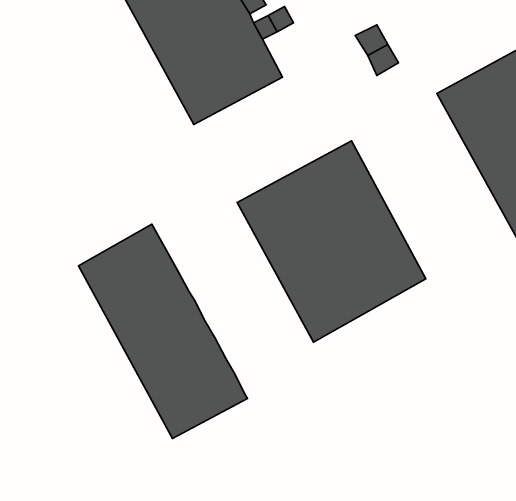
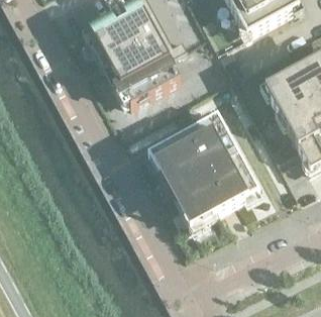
building: [78,224,248,439] -> none

